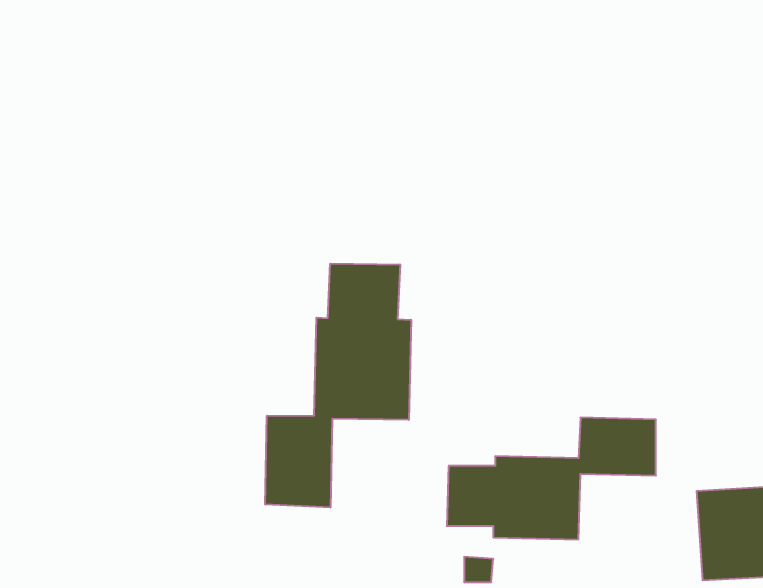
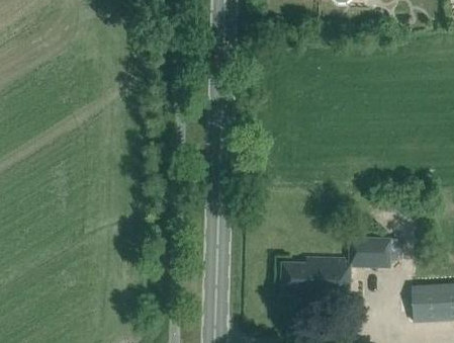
building: [265,264,411,508] -> none

